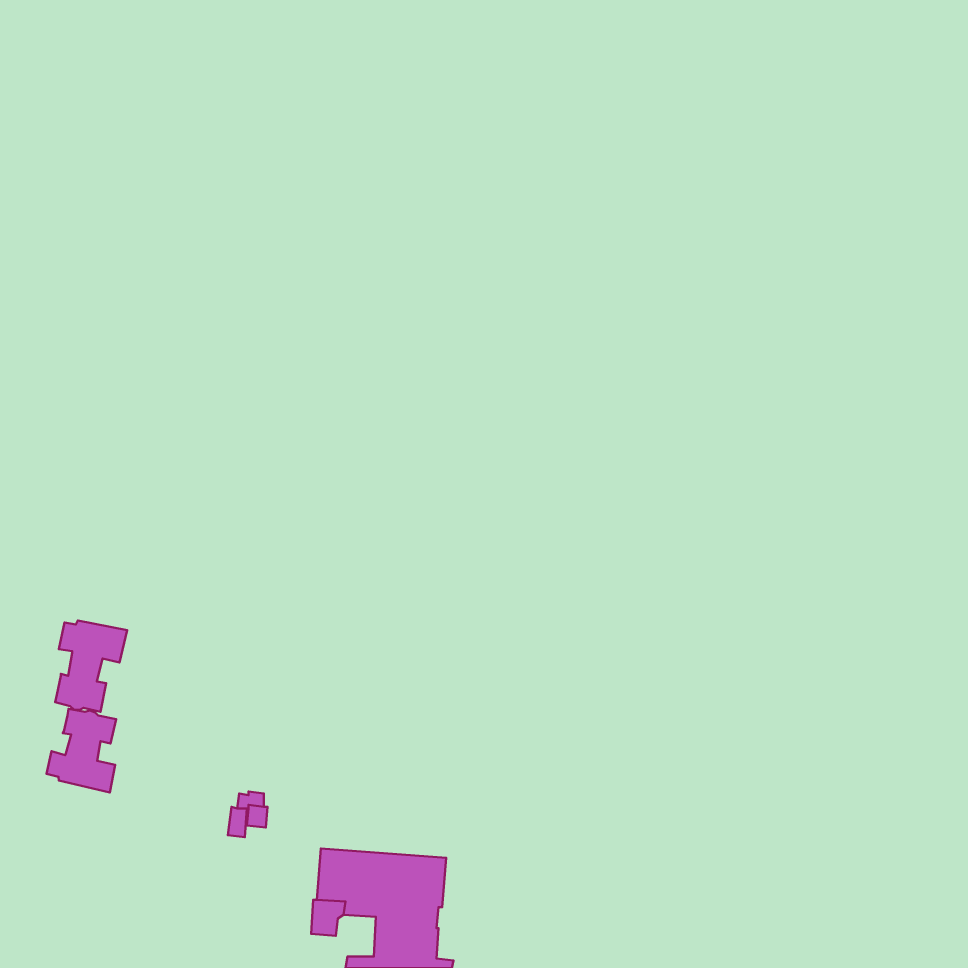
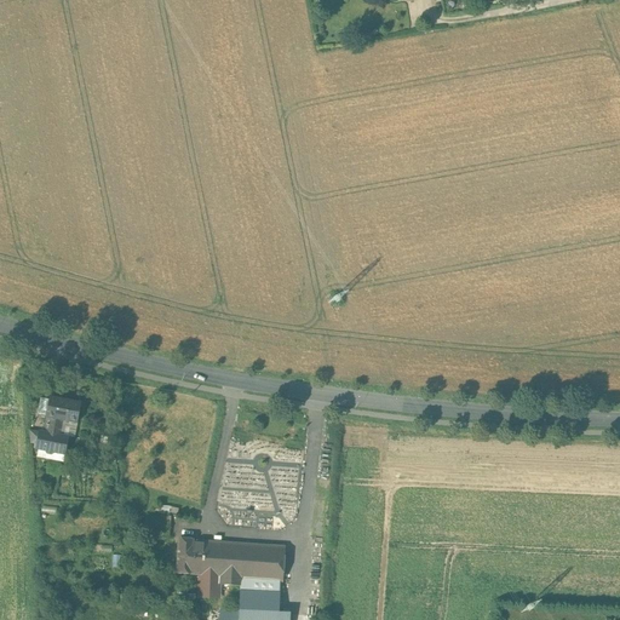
building: [47,709,116,793] -> none
building: none -> [178,536,206,574]

